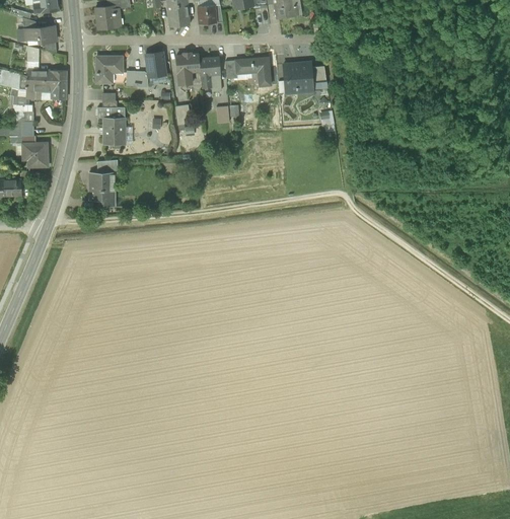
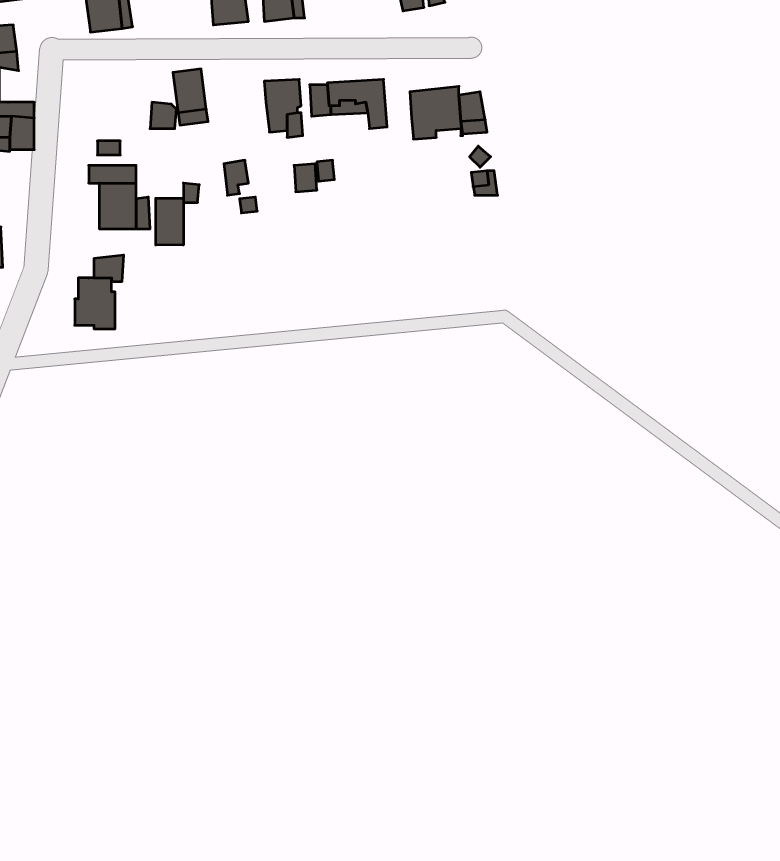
building: [175,53,199,85] -> none
building: [95,57,122,83] -> none
building: none -> [156,198,183,245]

